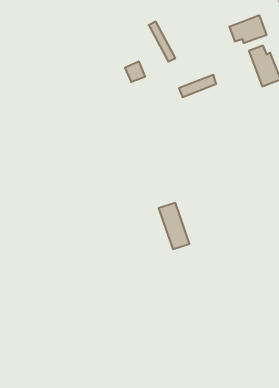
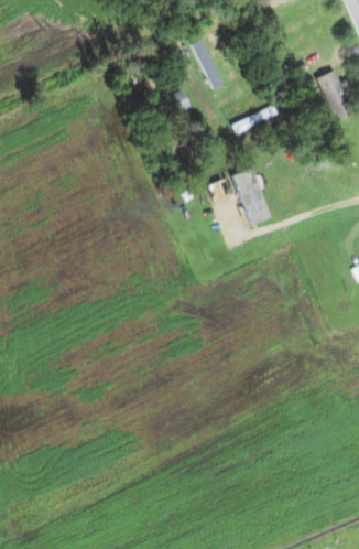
building: [229,15,266,43] -> none
building: [159,203,190,249] -> [231,168,270,225]

